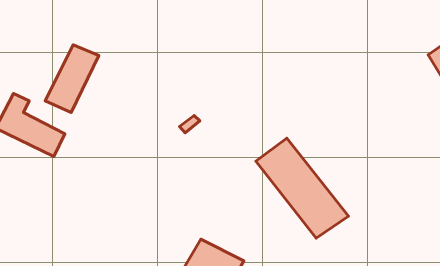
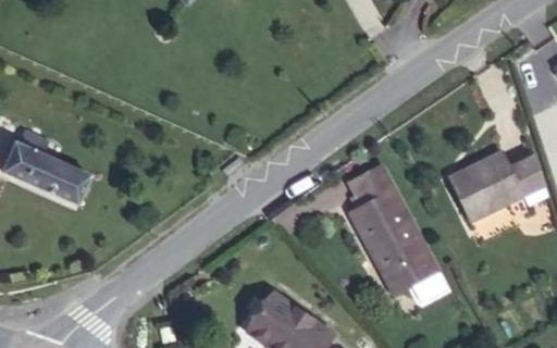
building: [45,45,99,112] -> none
building: none -> [437,157,542,227]

